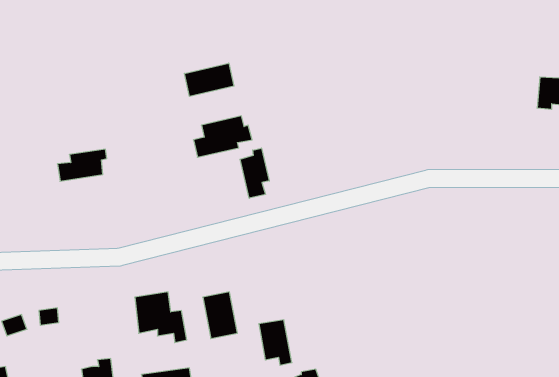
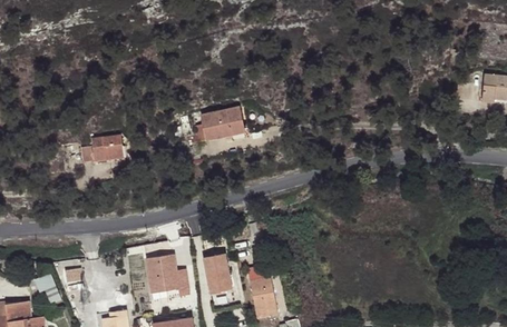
building: [184,63,234,96] -> none
building: [240,148,269,198] -> none

